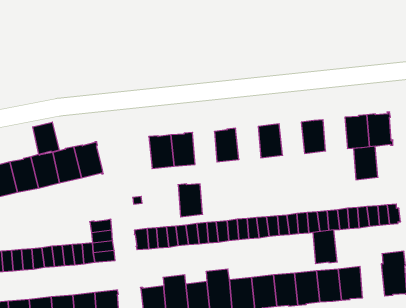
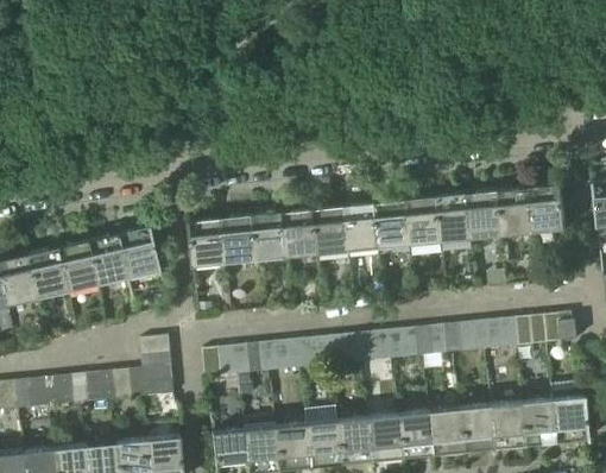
building: [33,122,59,154] -> none
building: none -> [405,197,441,244]
building: none -> [343,203,379,250]
building: none -> [188,217,226,266]
building: [353,146,378,180] -> [467,190,501,238]
building: [178,184,203,217] -> [283,210,317,257]
building: [313,230,337,264] -> [519,397,554,444]

